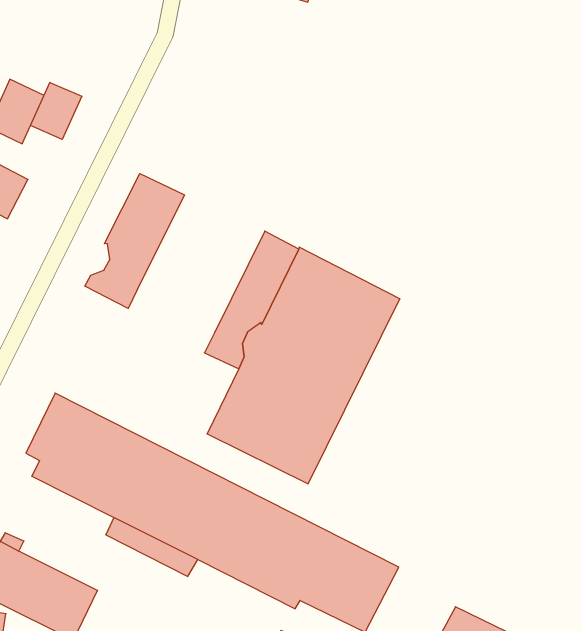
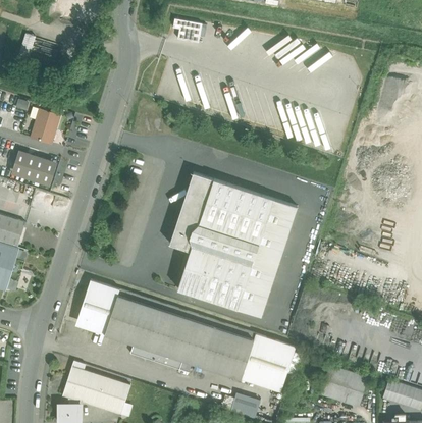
building: [30,82,82,139] -> none
building: [85,174,184,308] -> none
building: none -> [238,199,298,317]

